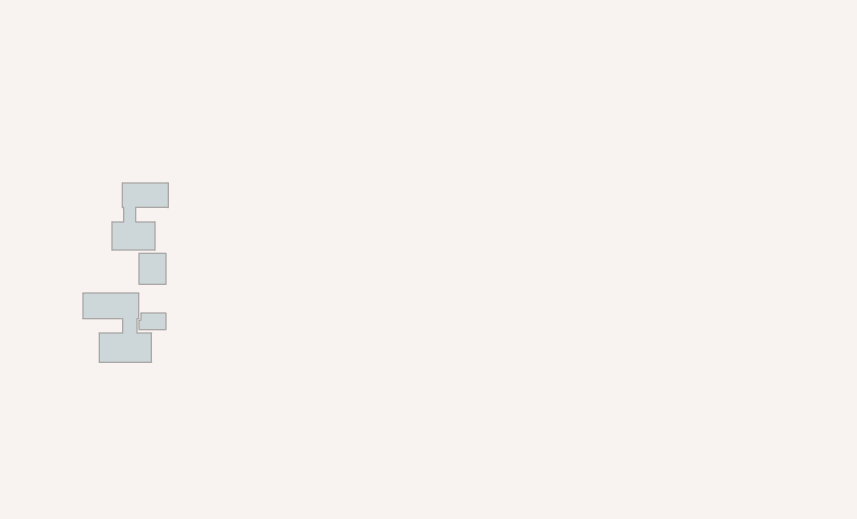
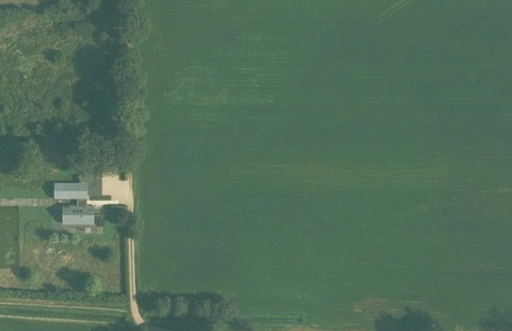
building: [112,183,168,250] -> none

